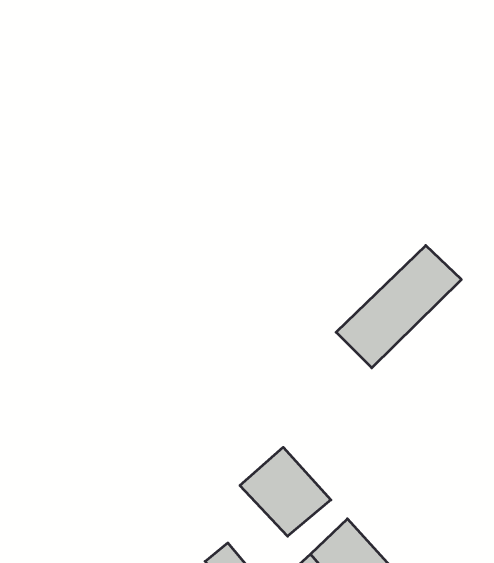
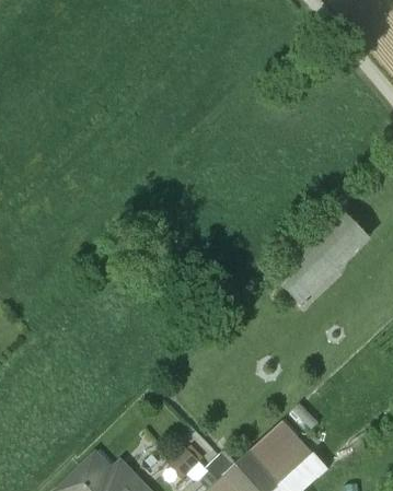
building: [240,447,331,536] -> none

